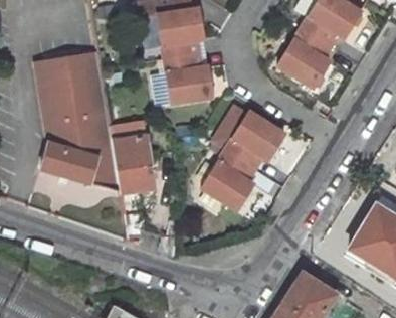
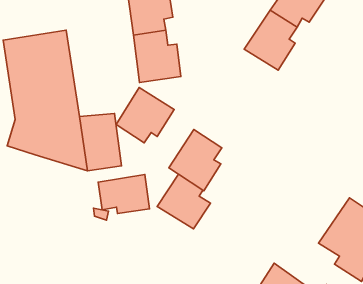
building: [224,112,282,167] -> [116,87,174,143]
building: none -> [157,174,210,229]
building: none -> [98,174,150,213]

